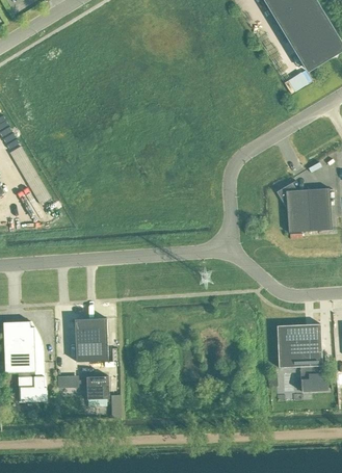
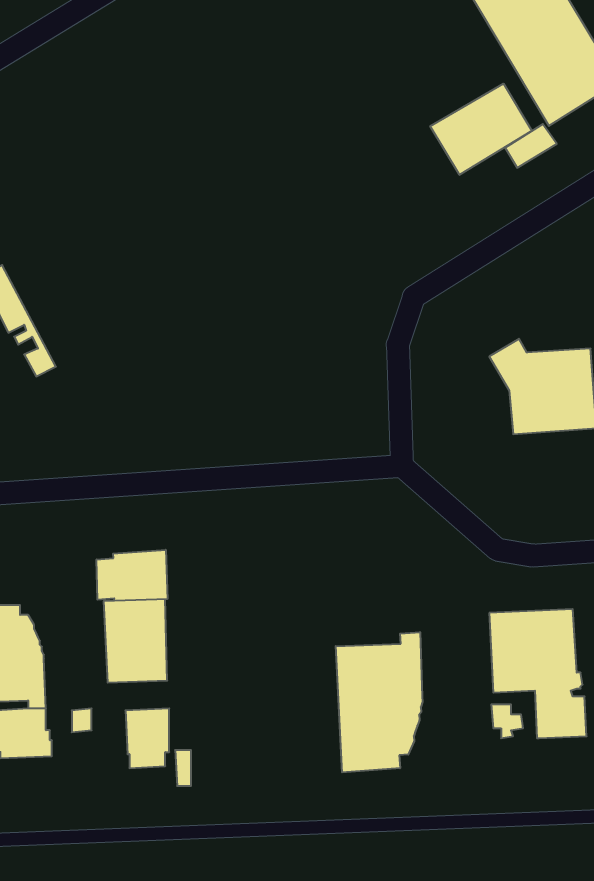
building: none -> [430,84,532,175]
building: none -> [97,550,167,601]
building: none -> [336,632,423,772]

